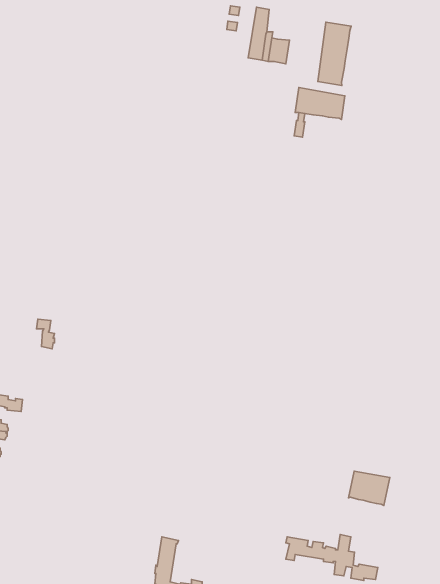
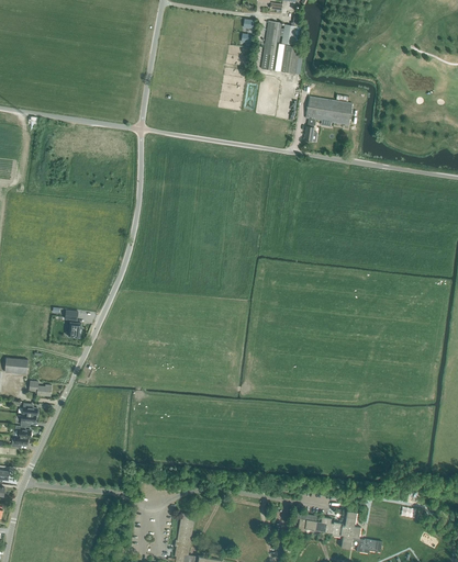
building: [318,22,351,85] -> none
building: [348,471,390,505] -> none

